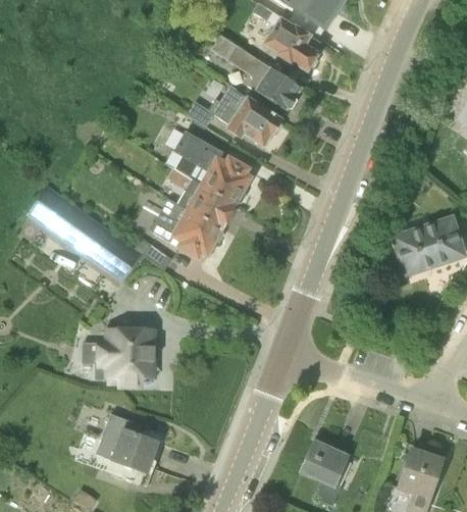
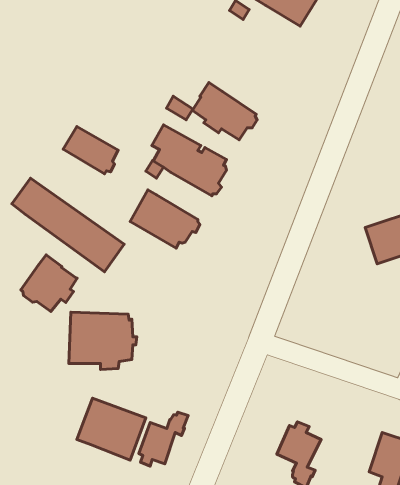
building: [262,16,321,73] -> none
building: [211,36,301,110] -> none
building: [177,180,235,228] -> [63,127,118,174]
building: none -> [21,255,77,312]
building: none -> [139,412,188,466]

